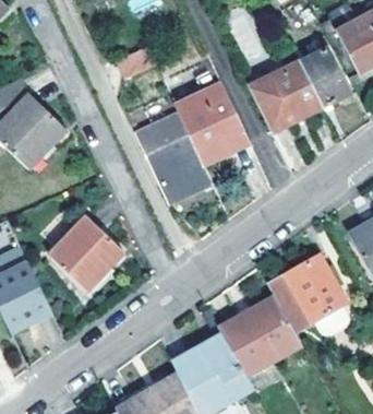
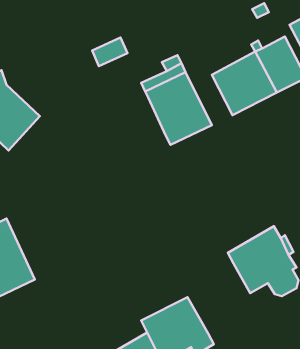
building: [137,111,213,204] -> none
building: [51,218,125,292] -> none
building: [219,296,301,374] -> none

